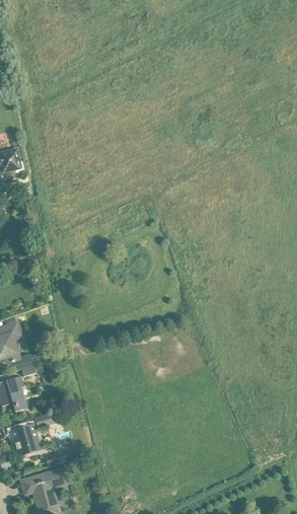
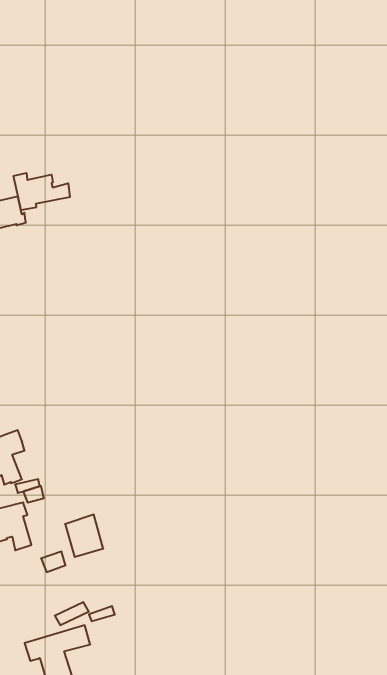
building: none -> [14,173,70,210]
building: [11,424,40,455] -> [65,515,103,557]

